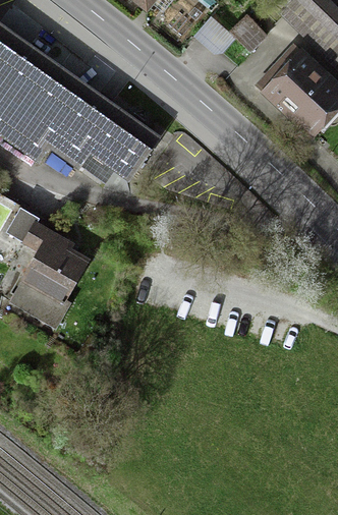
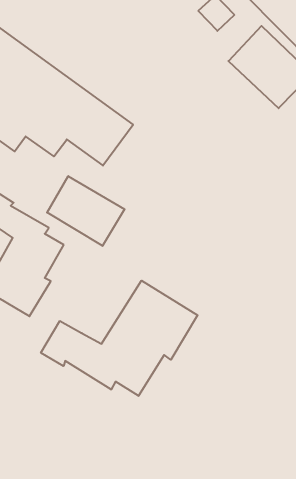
building: none -> [47,176,125,246]
building: none -> [41,281,198,396]

